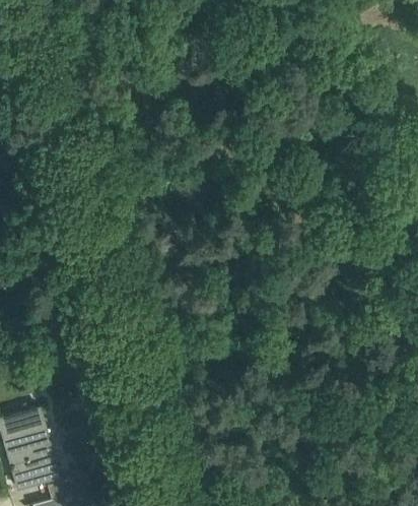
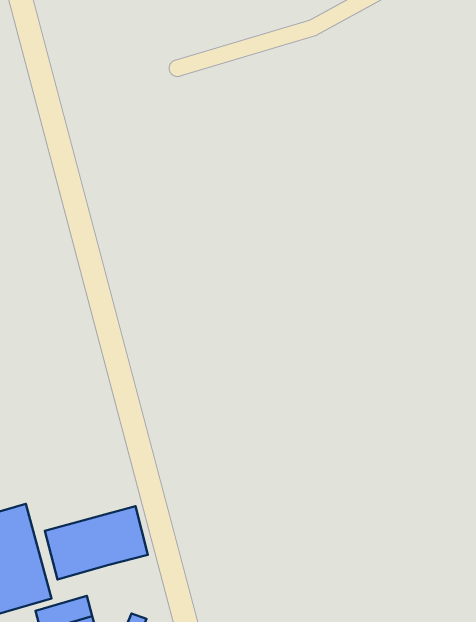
building: none -> [45,506,148,580]

